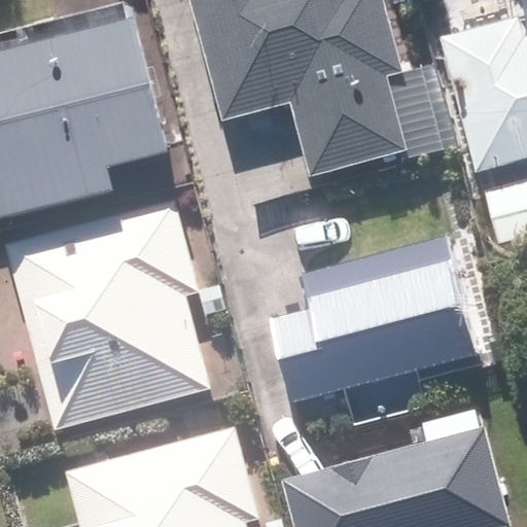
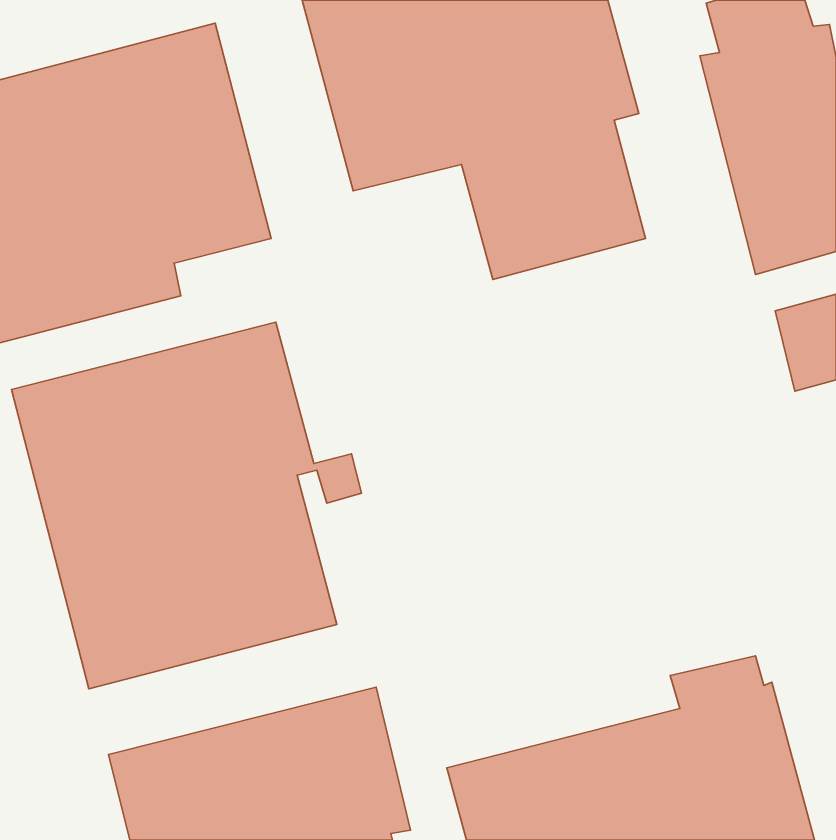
building: [272,240,472,399] -> none

